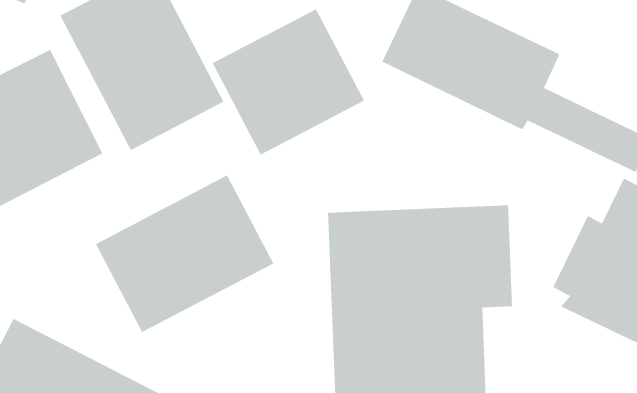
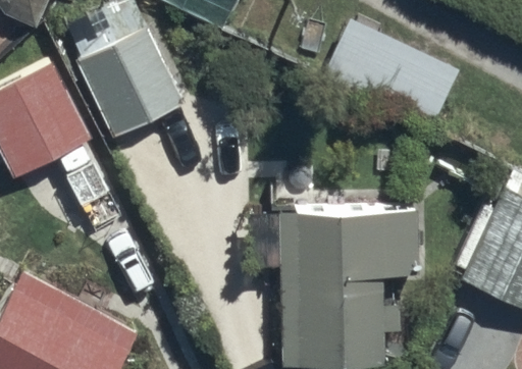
building: [212,8,365,156] -> none
building: [95,175,274,333] -> none

